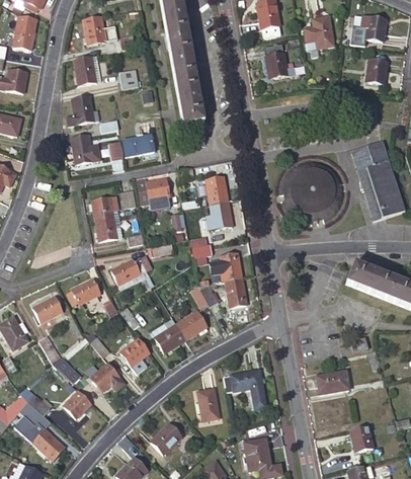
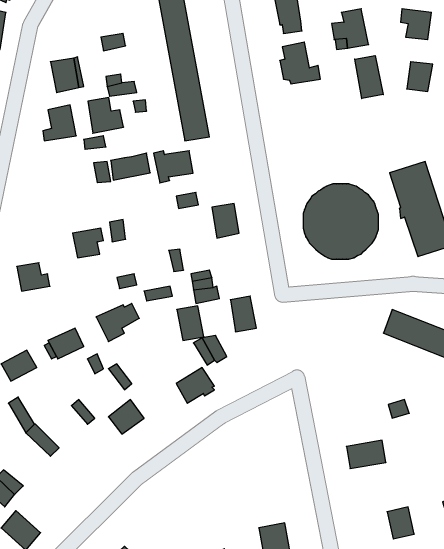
building: [82,16,105,45] -> none
building: none -> [355,56,383,99]
building: [71,135,100,164] -> [88,98,124,133]
building: [137,178,169,205] -> [154,151,193,183]
building: [207,201,233,230] -> none
building: [95,218,122,241] -> [17,263,50,291]
building: [225,278,247,307] -> [177,306,204,340]
building: [151,323,185,353] -> none
building: [90,363,125,392] -> none
building: [223,369,266,408] -> none
building: [197,389,219,420] -> none
building: [64,390,91,418] -> none
building: [151,423,181,454] -> none

